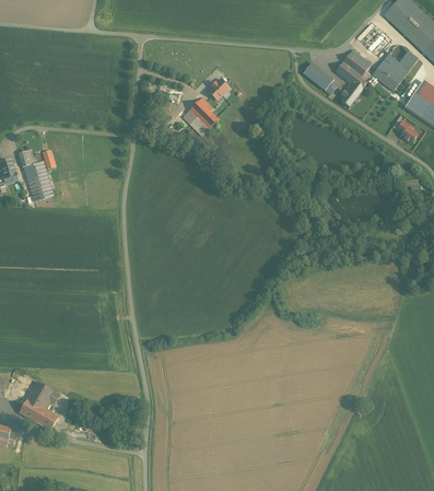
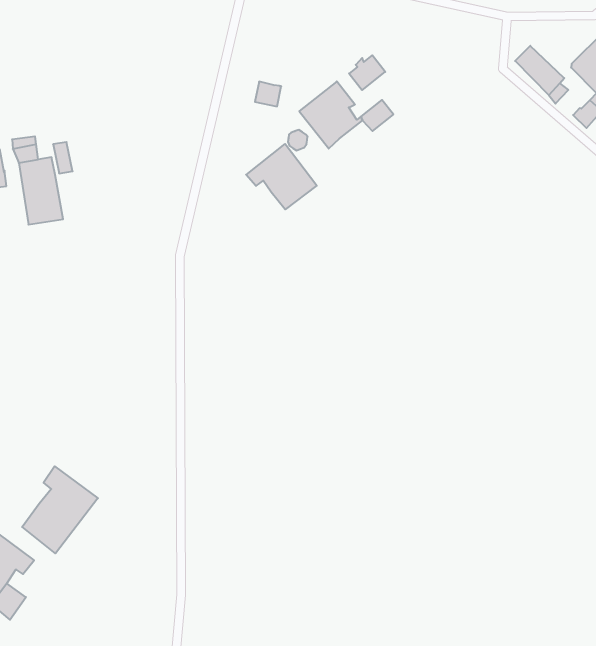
building: none -> [246,144,317,209]
building: none -> [22,466,98,553]

